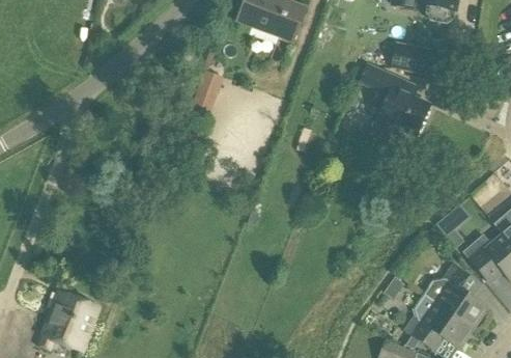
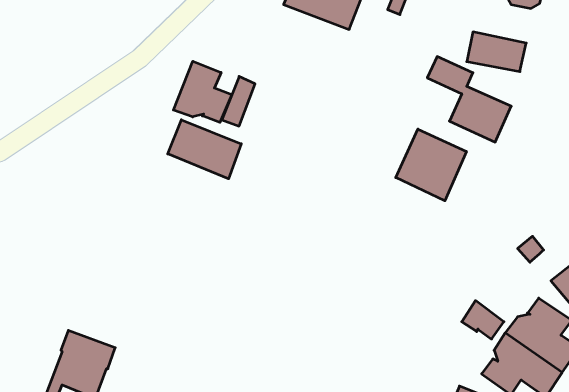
building: none -> [173,61,232,122]
building: none -> [168,120,241,179]
building: none -> [396,129,466,201]

